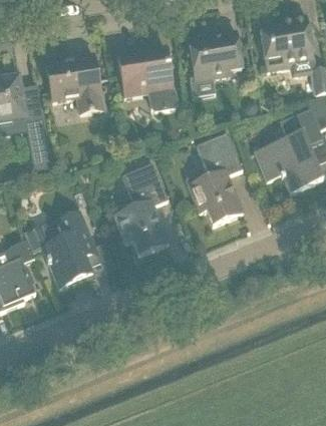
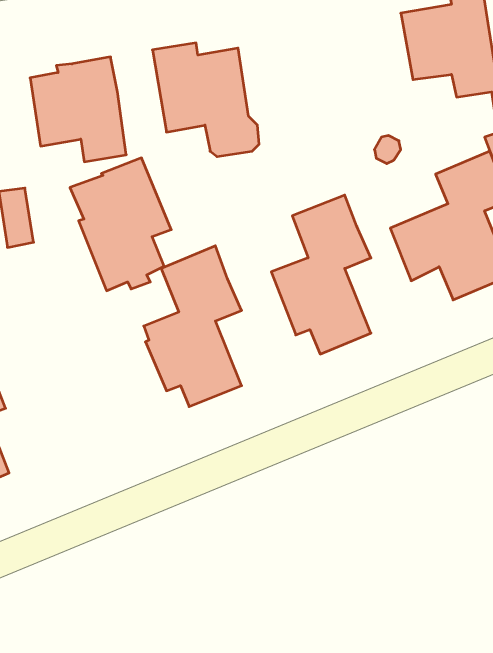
building: [189,30,243,81] -> none
building: [38,210,96,287] -> [70,158,171,291]

